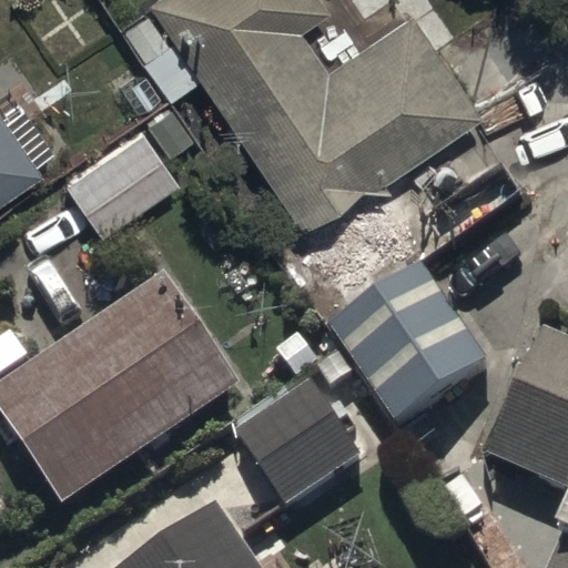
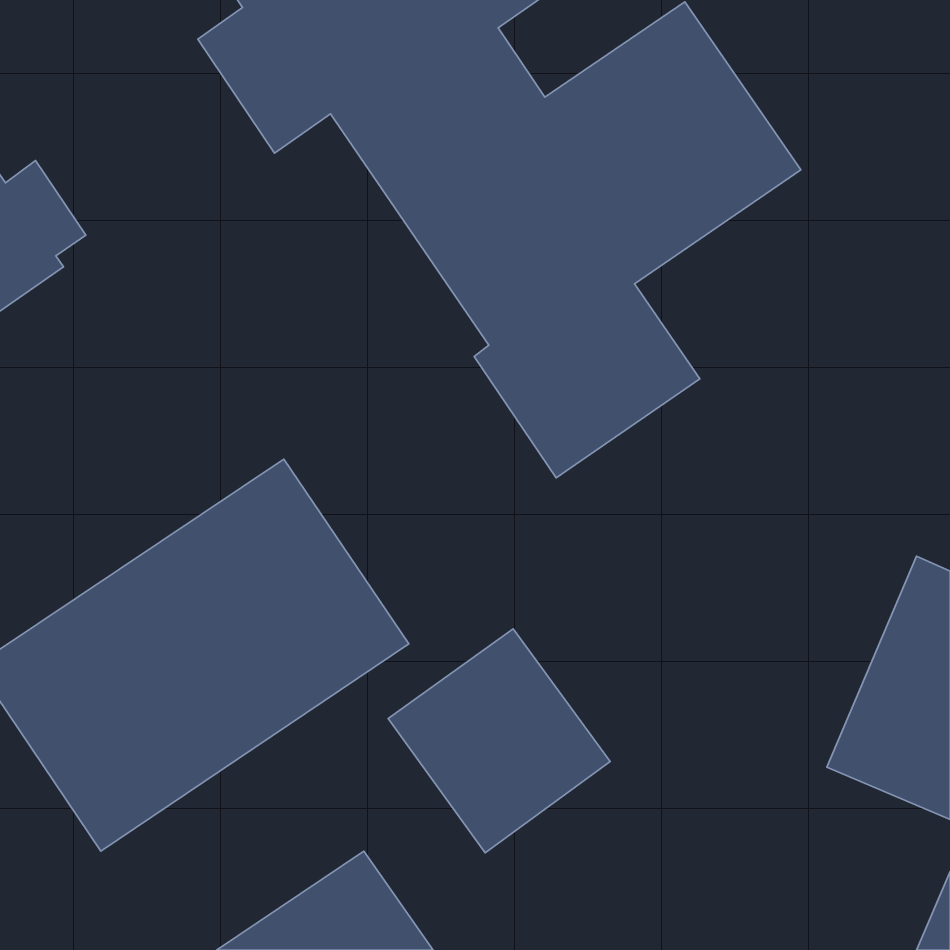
building: [59,100,189,226] -> none
building: [327,262,488,426] -> none

